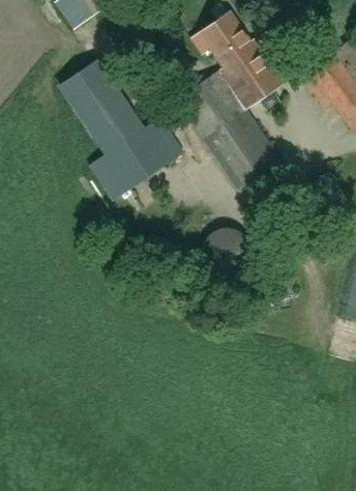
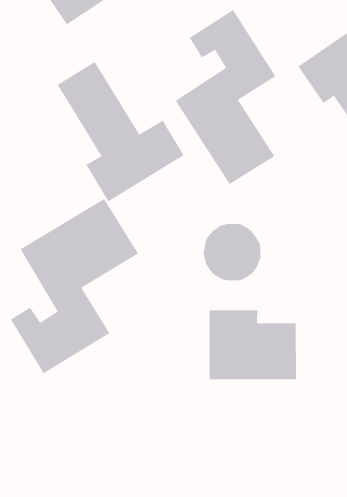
building: none -> [10,198,139,374]
building: none -> [209,309,296,380]

